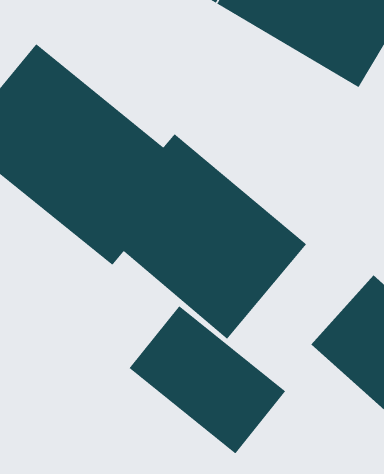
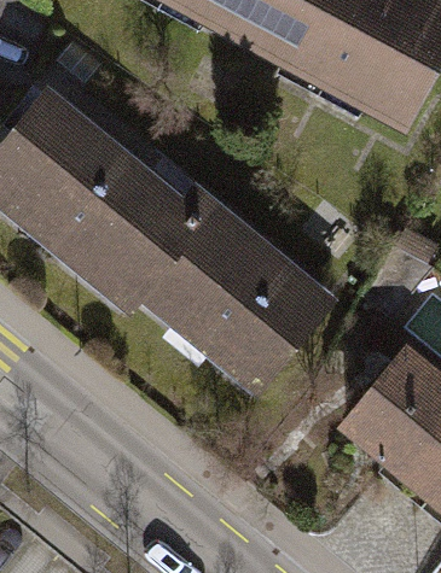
building: [128,305,286,454] -> none

